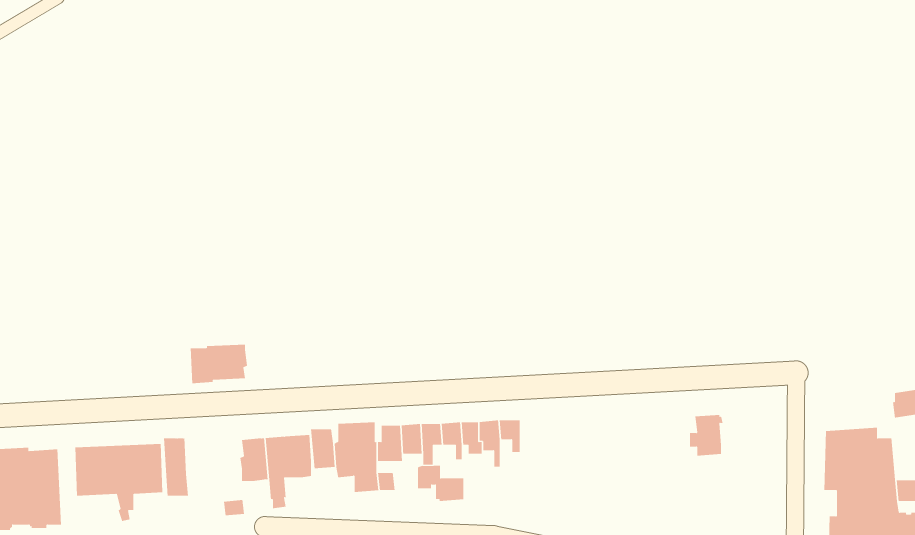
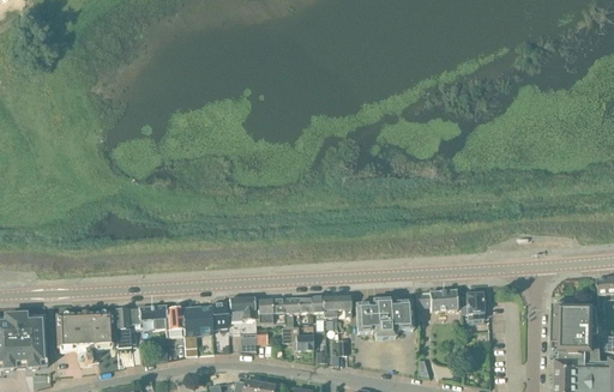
building: [190,344,248,384] -> [127,306,165,332]
building: none -> [415,290,456,312]
building: none -> [354,297,411,338]

